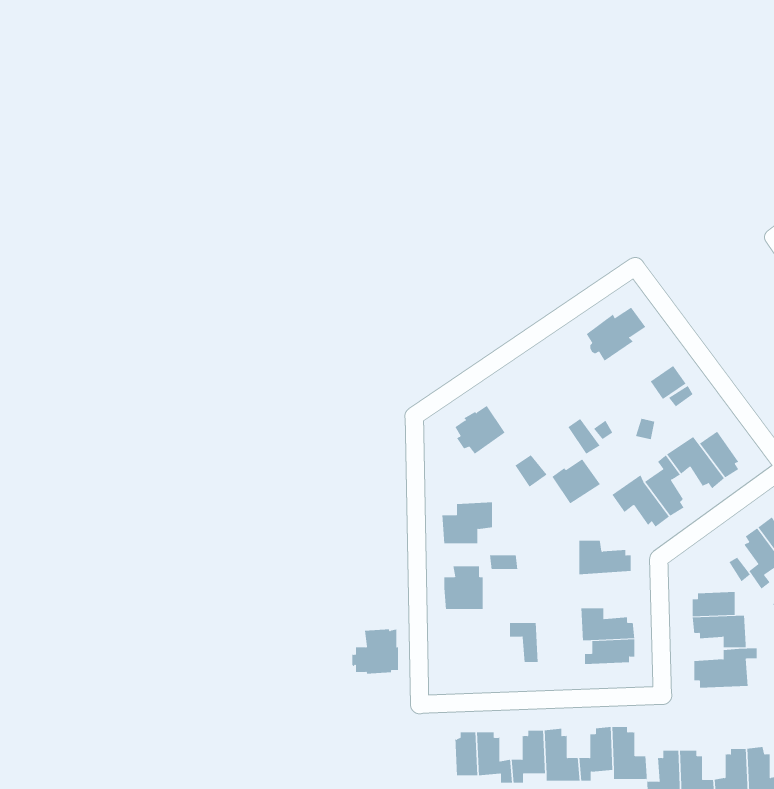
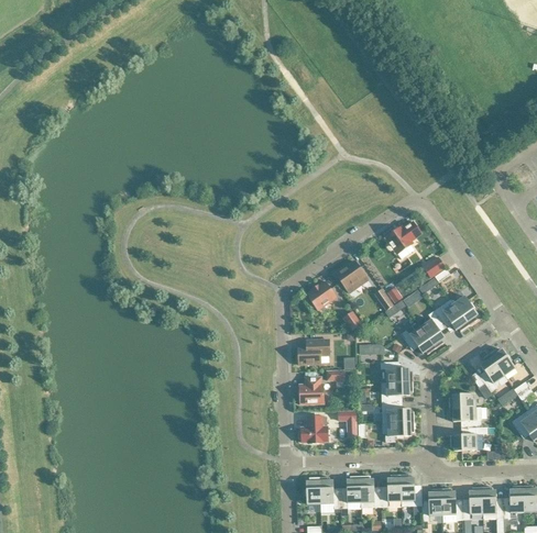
building: [552,458,601,504] -> [336,260,365,288]
building: none -> [381,380,414,402]
building: [351,629,399,674] -> [299,415,328,443]

